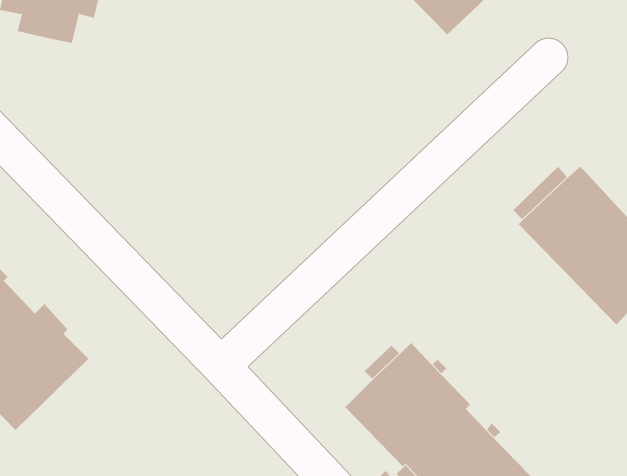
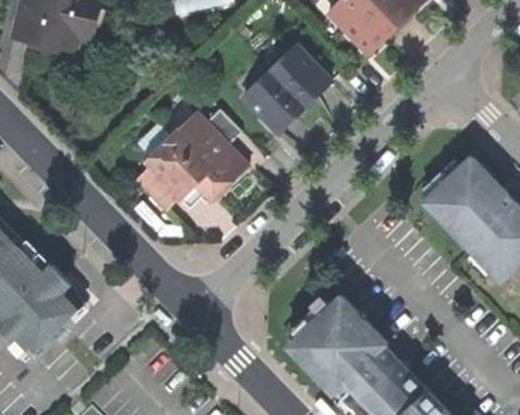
building: none -> [243,45,330,131]
building: none -> [141,108,247,209]

